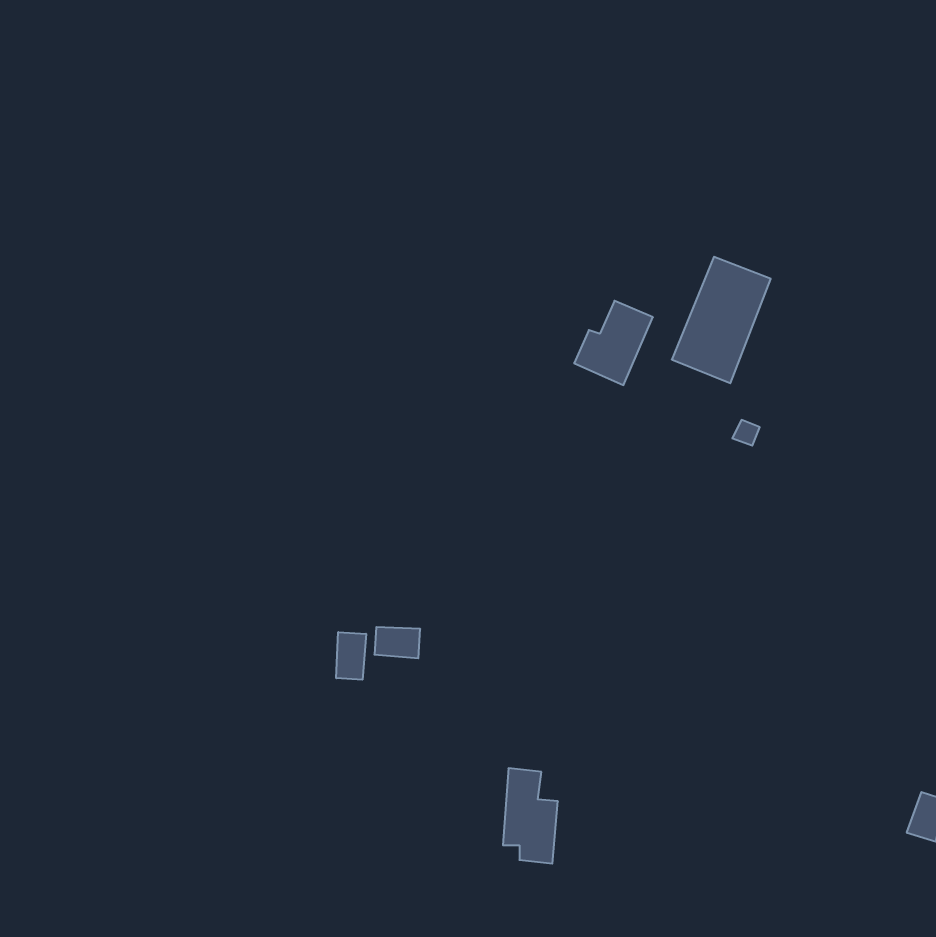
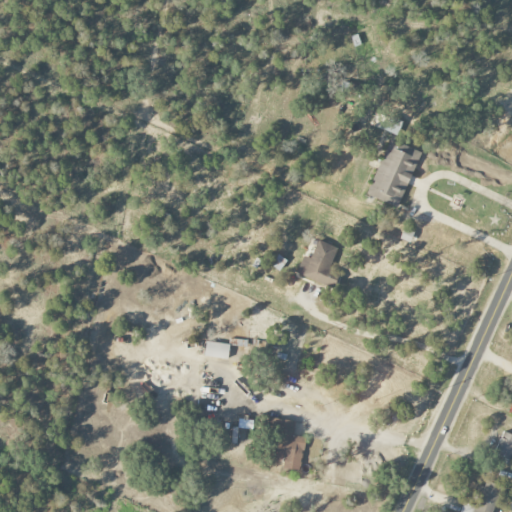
building: [574,301,653,385] -> [297,240,340,286]
building: [336,632,366,680] -> none

